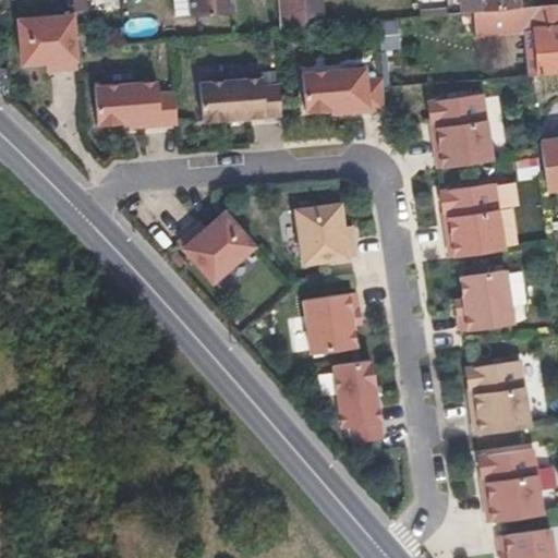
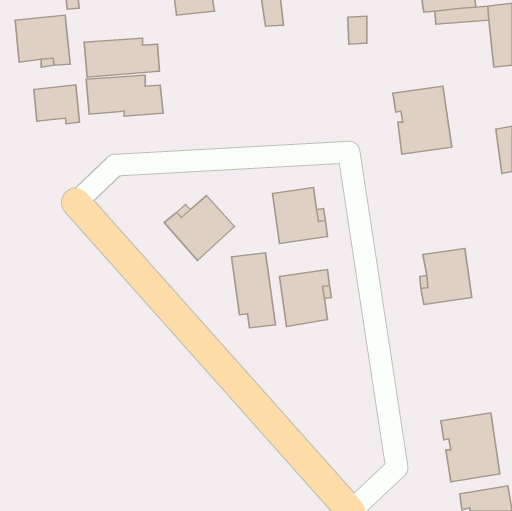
building: [302,68,386,113] -> none
building: [199,78,281,121] -> [84,38,159,77]
building: none -> [34,85,80,124]
building: [440,183,505,257] -> none
building: [335,361,383,442] -> [232,253,276,328]
building: [465,361,531,436] -> none

